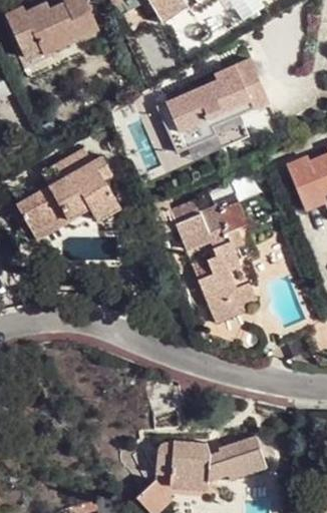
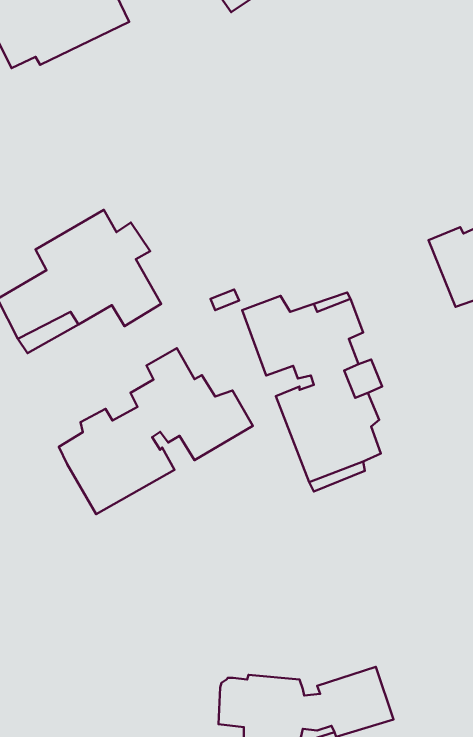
building: [156,56,271,152] -> none
building: none -> [59,348,253,514]

